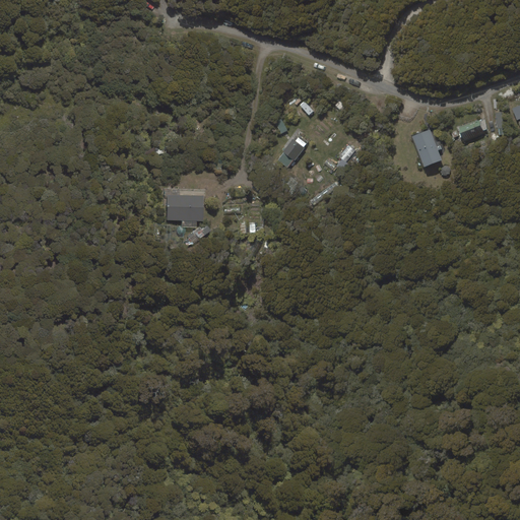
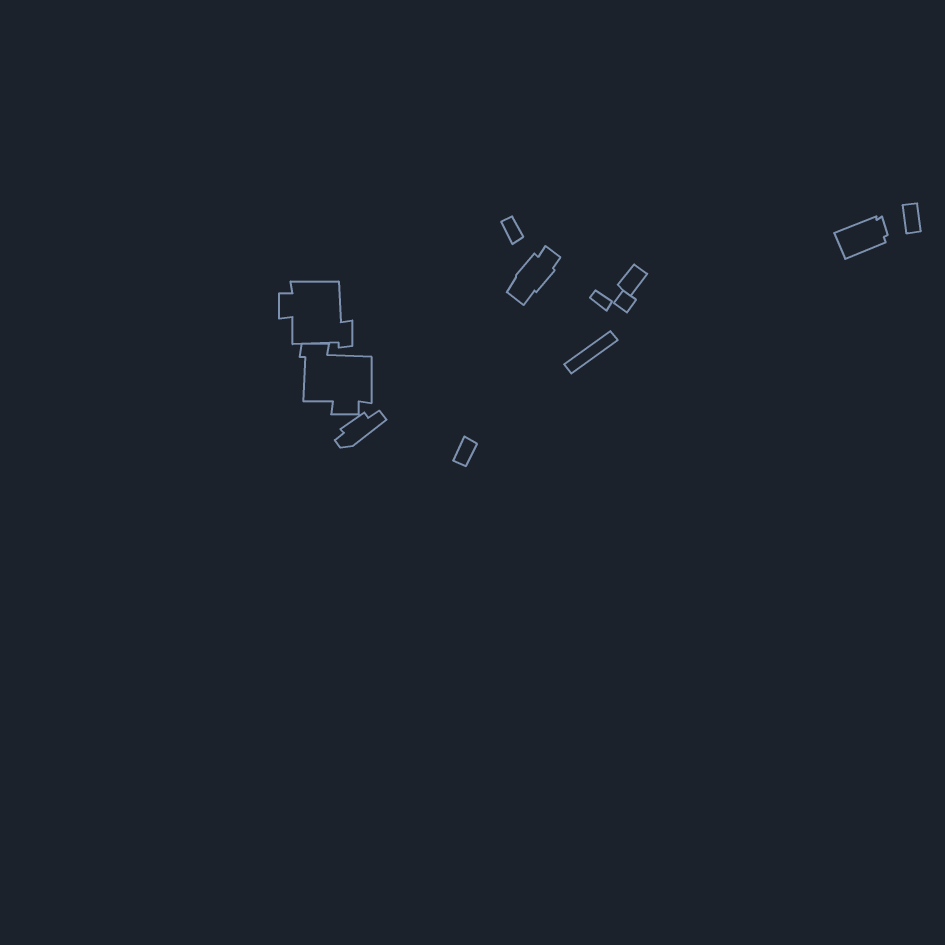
building: [412,130,442,168] -> none
building: none -> [279,281,352,348]

